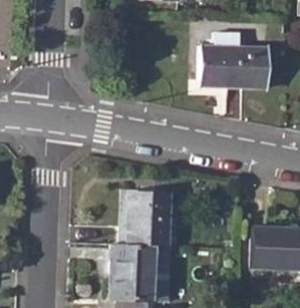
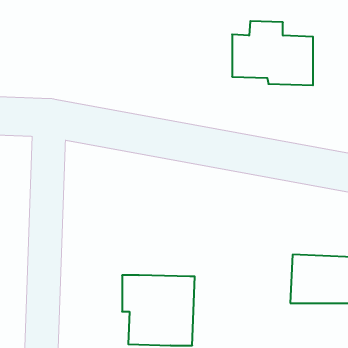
building: [125,192,170,245] -> none

